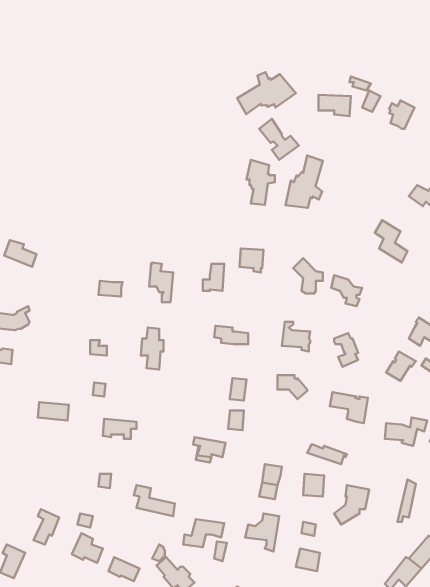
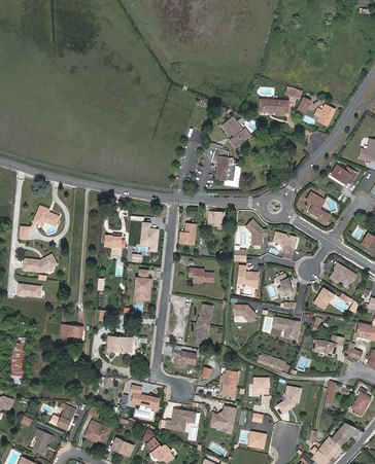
building: [237,72,296,114] -> none
building: [286,156,323,208] -> none

